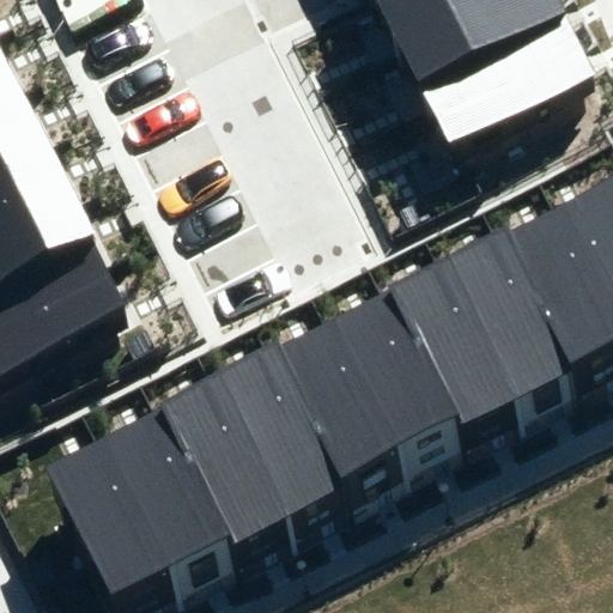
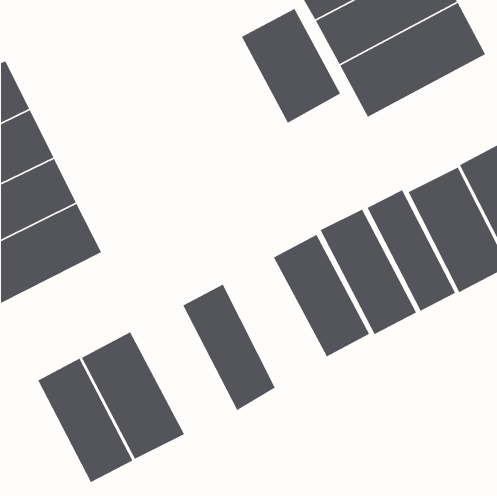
building: none -> [241,8,341,124]
building: [278,317,401,471] -> none
building: [164,376,291,534] -> none

